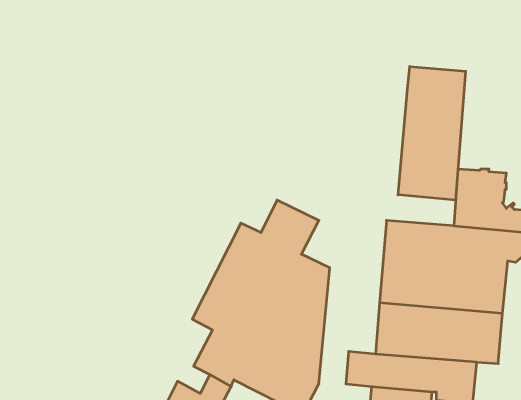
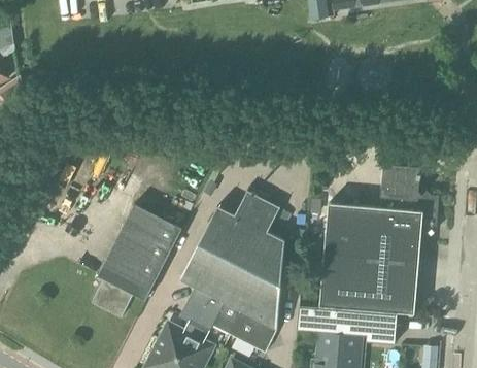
building: [398,66,466,200] -> none
building: none -> [91,203,182,316]

